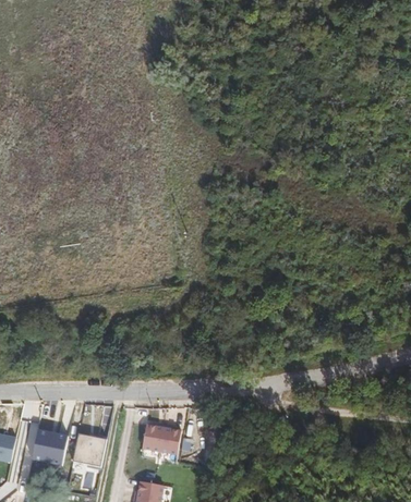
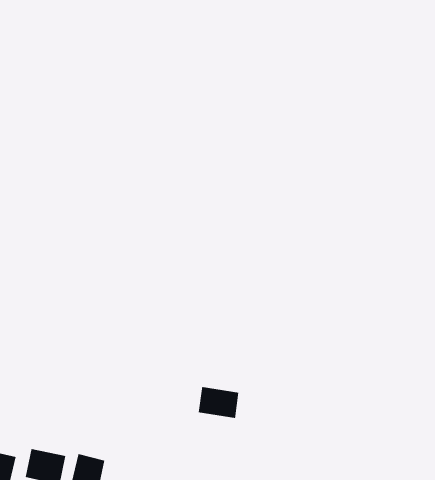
building: [143,424,181,453] -> [198,387,239,419]

